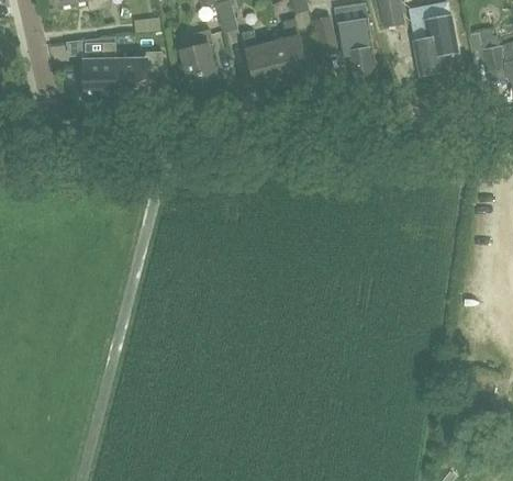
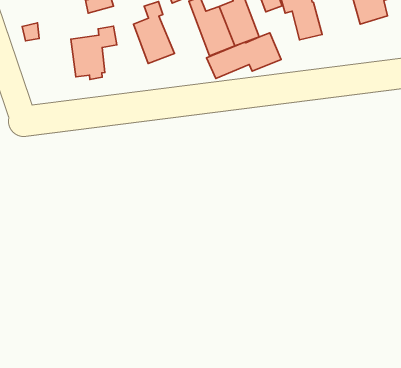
building: [80,41,115,99] -> none
building: none -> [207,33,281,79]

